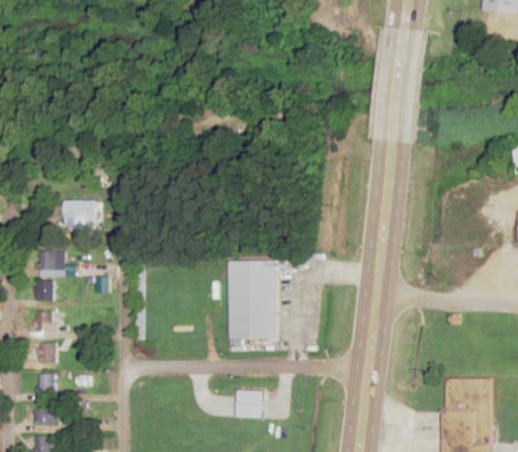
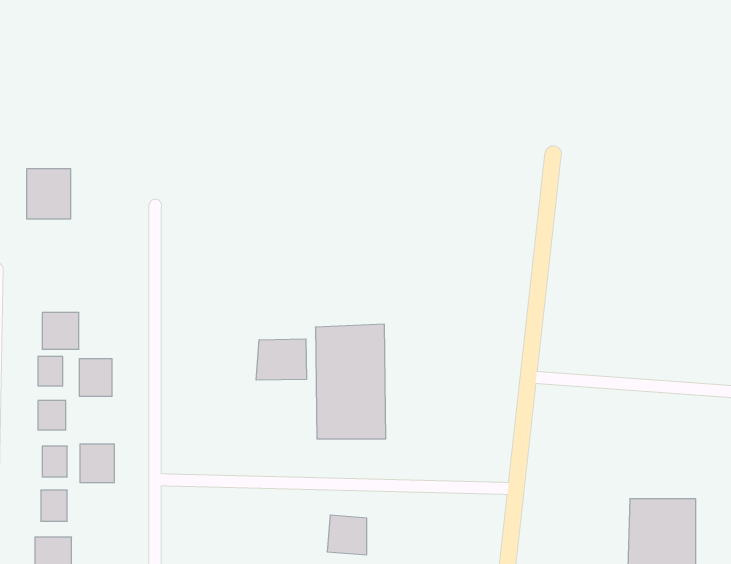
building: [67,200,97,235] -> [27,169,71,219]
building: none -> [256,339,307,380]
building: none -> [79,359,112,396]
building: none -> [80,444,114,483]

